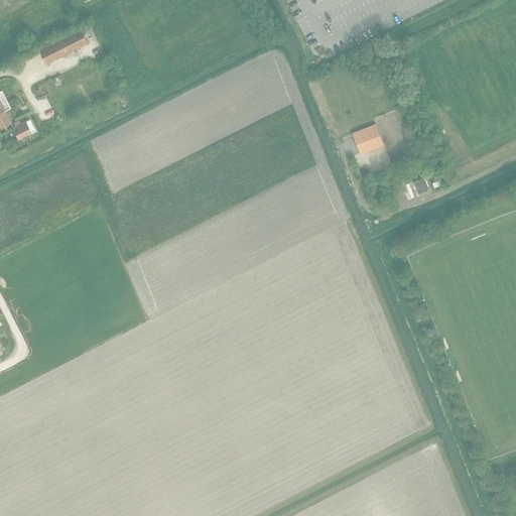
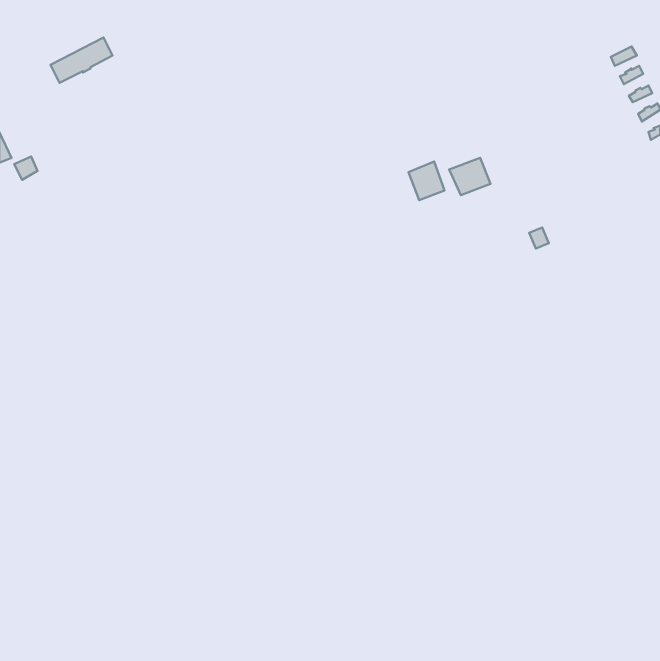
building: none -> [408,161,444,200]

